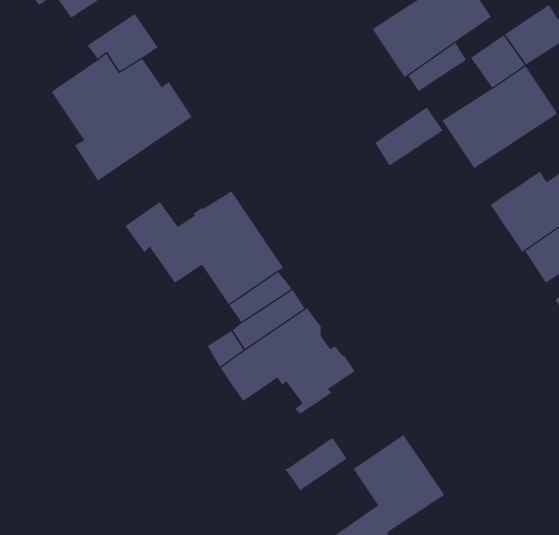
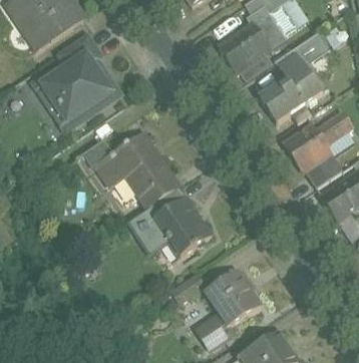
building: [374,107,444,167] -> none

